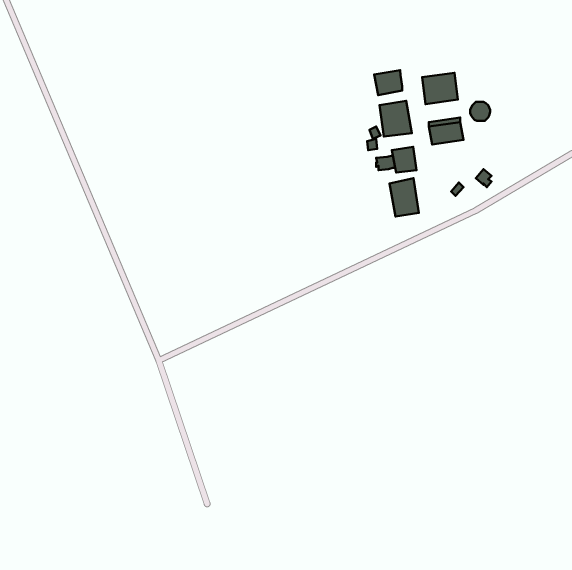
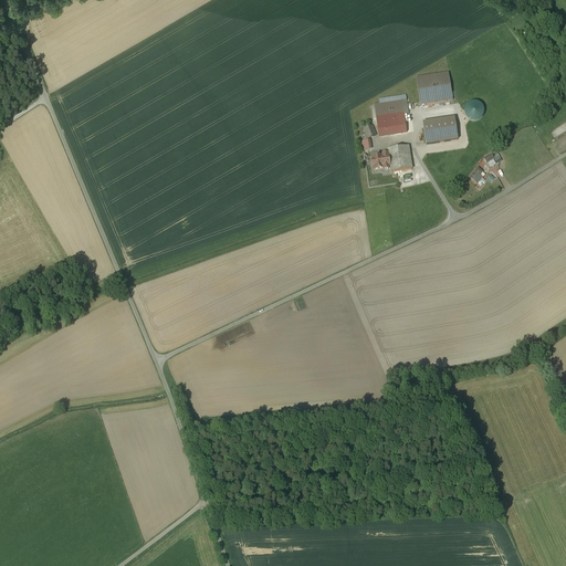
building: [374,70,402,95] -> none
building: [390,178,419,217] -> none

